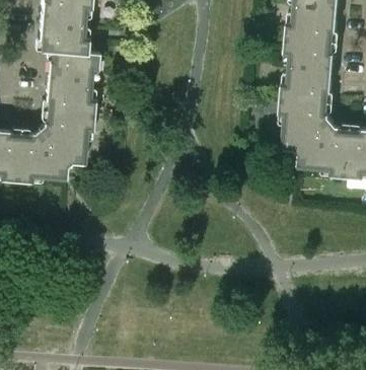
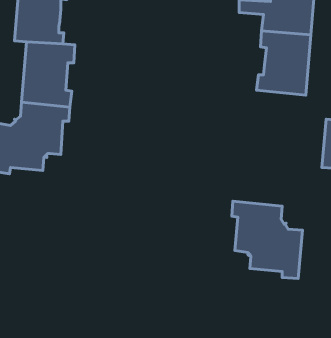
building: [279,98,350,176] -> [232,201,302,279]

